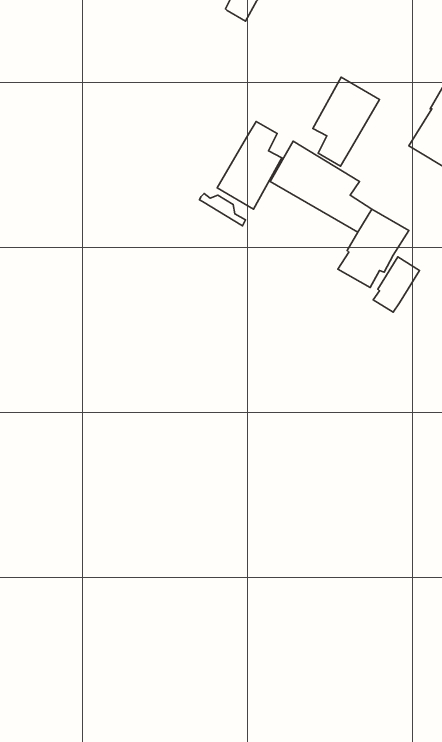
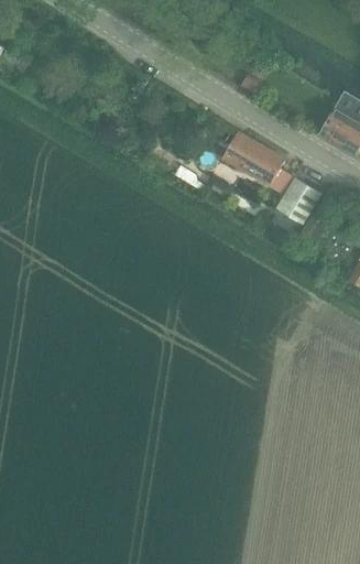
building: [313,77,379,166] -> none
building: [217,121,282,209] -> none

